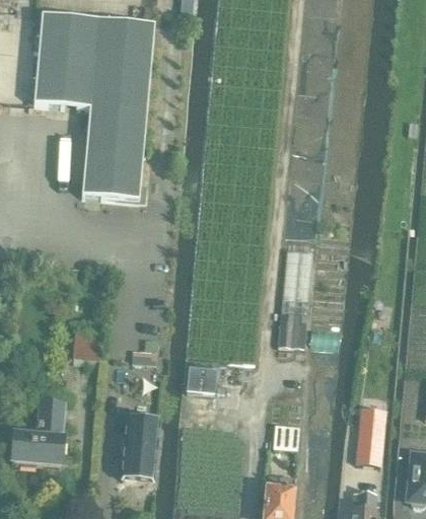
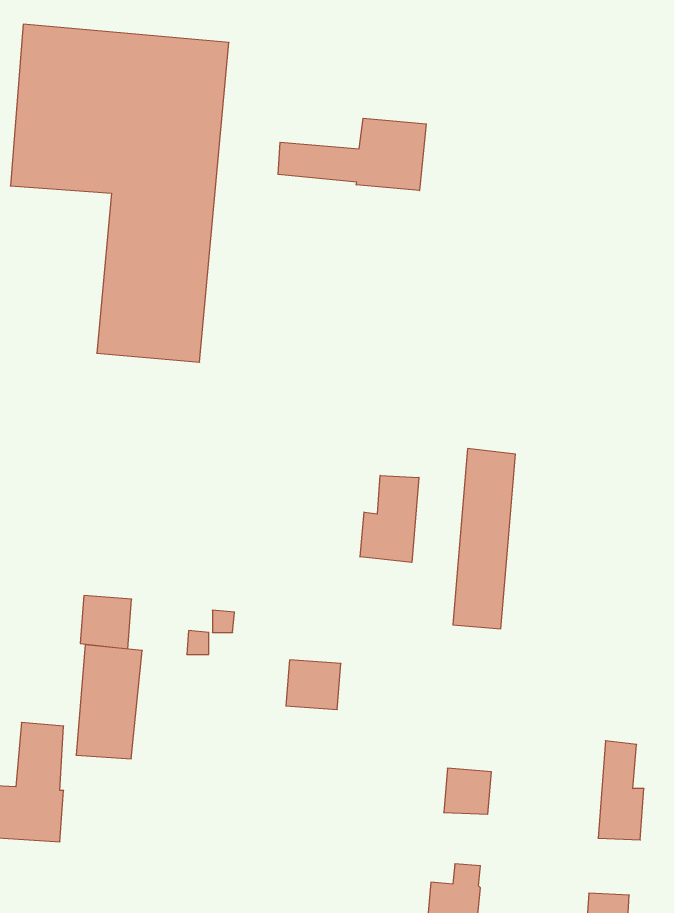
building: none -> [278,118,426,191]
building: none -> [360,475,419,562]
building: [123,418,159,480] -> [76,645,142,759]

